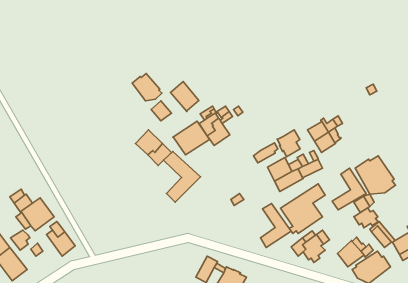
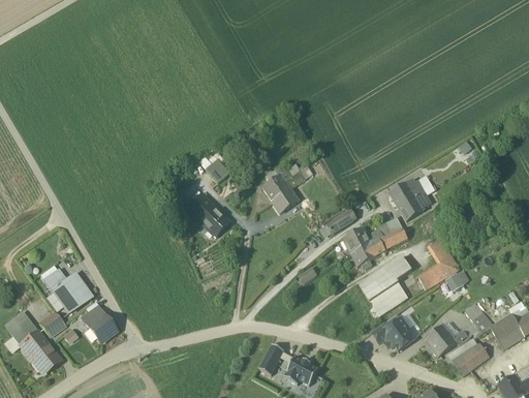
building: [132,74,162,101] -> none
building: [171,82,199,111] -> none
building: [173,121,210,155] -> none
building: [277,130,300,157] -> none
building: [163,152,200,202] -> none
building: [355,156,396,194] -> none
building: [260,204,291,247] -> none
building: [354,208,378,228] -> none

